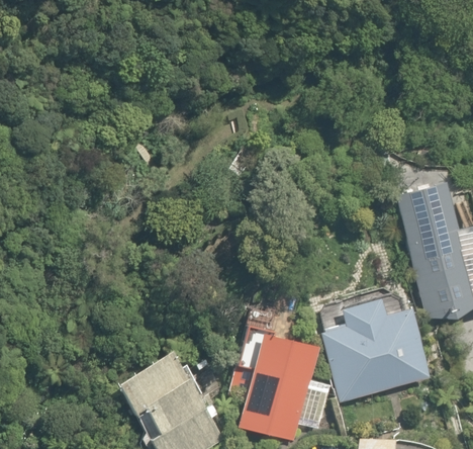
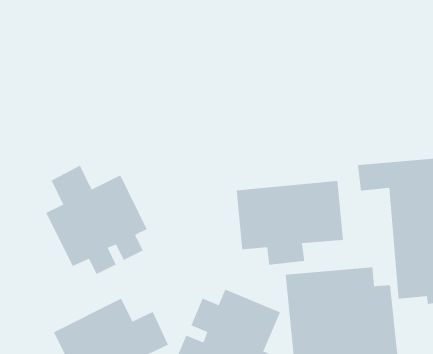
building: none -> [236,180,343,266]
building: none -> [46,165,148,275]

